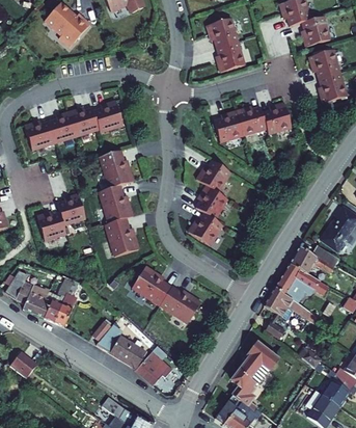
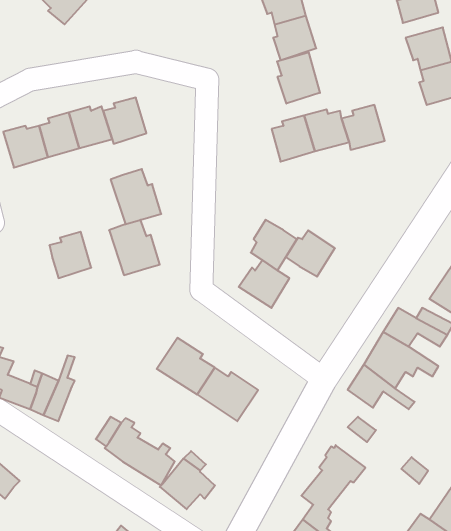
building: none -> [277,52,320,104]
building: [198,160,232,192] -> [286,230,335,277]
building: [36,211,66,240] -> none
building: [105,218,140,257] -> none

